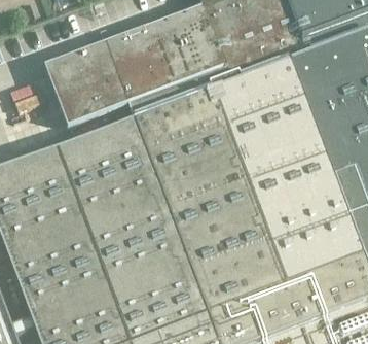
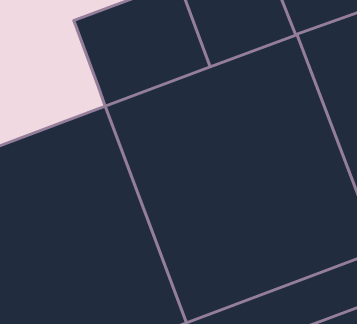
building: [44,39,127,122] -> none

